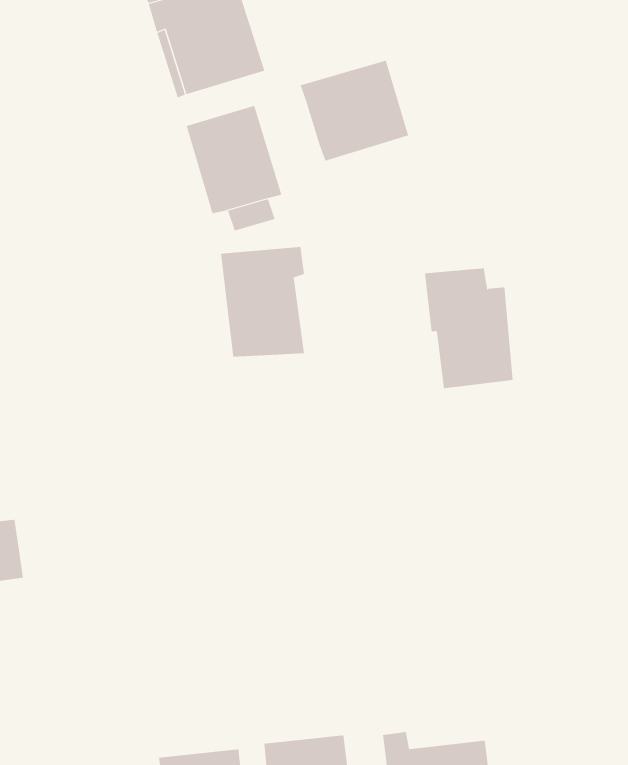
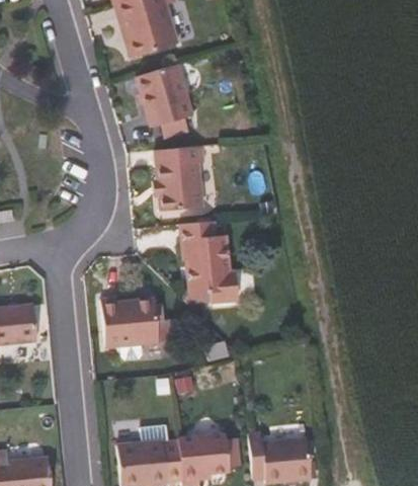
building: [300,60,409,162] -> none
building: [424,268,514,389] -> [179,222,232,293]
building: none -> [101,295,162,345]

